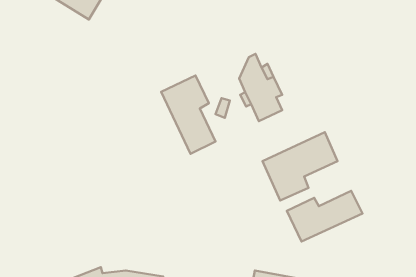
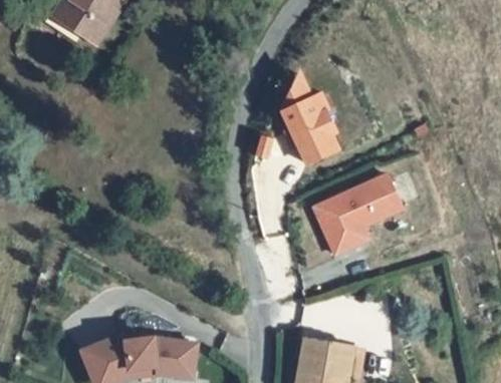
building: [161,75,215,154] -> none
building: [287,191,362,242] -> none

